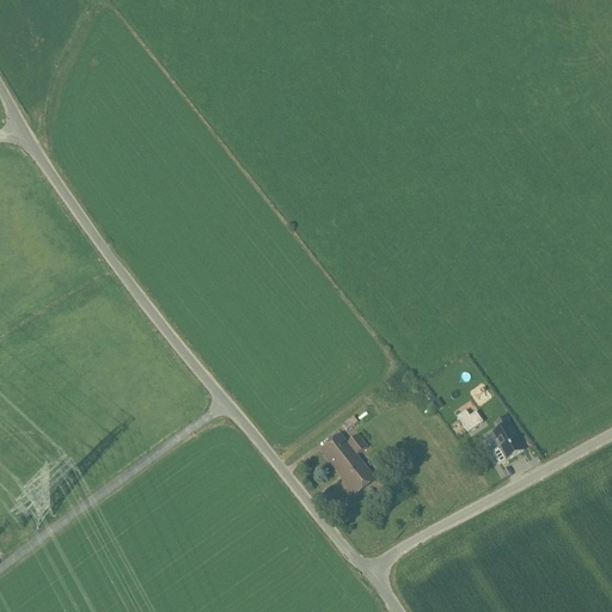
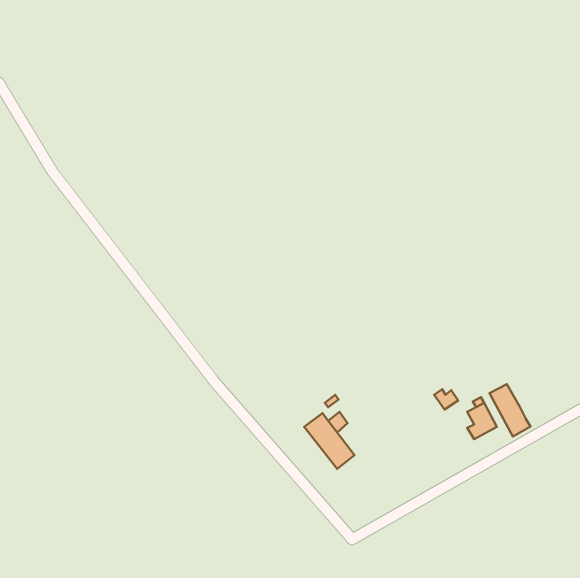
building: none -> [490,384,531,437]

